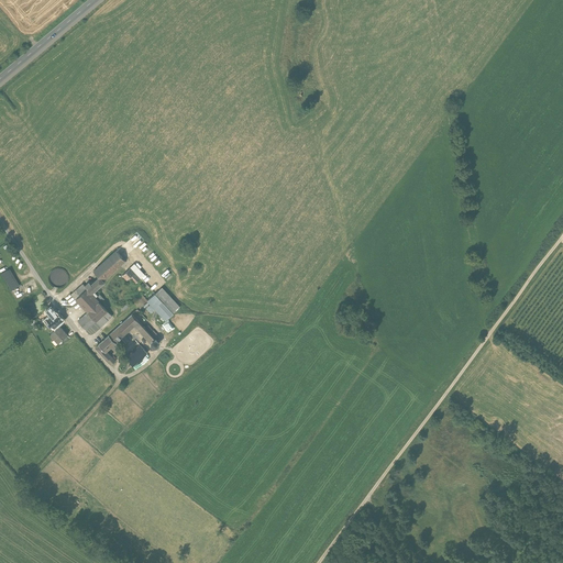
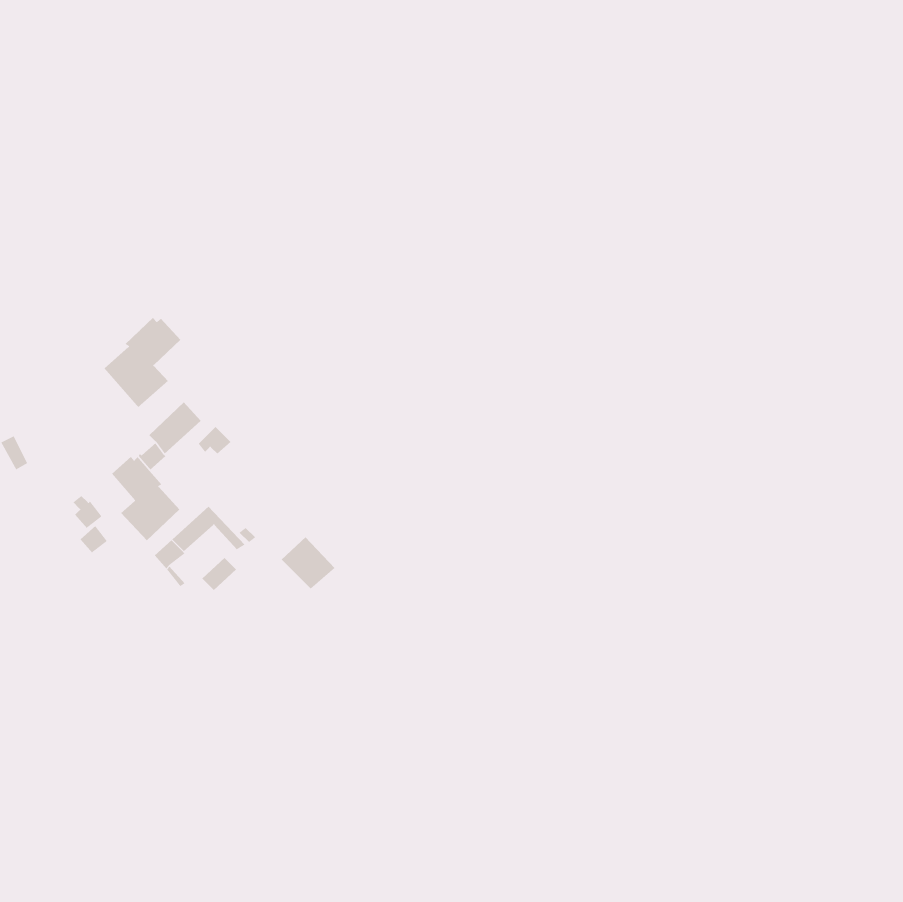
building: none -> [104,317,181,408]
building: [146,287,180,320] -> [281,536,336,589]

